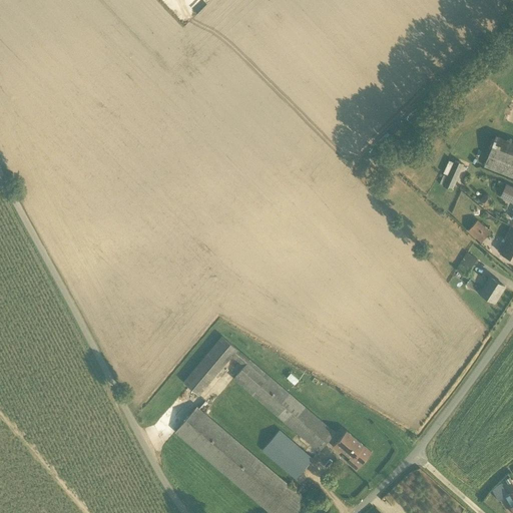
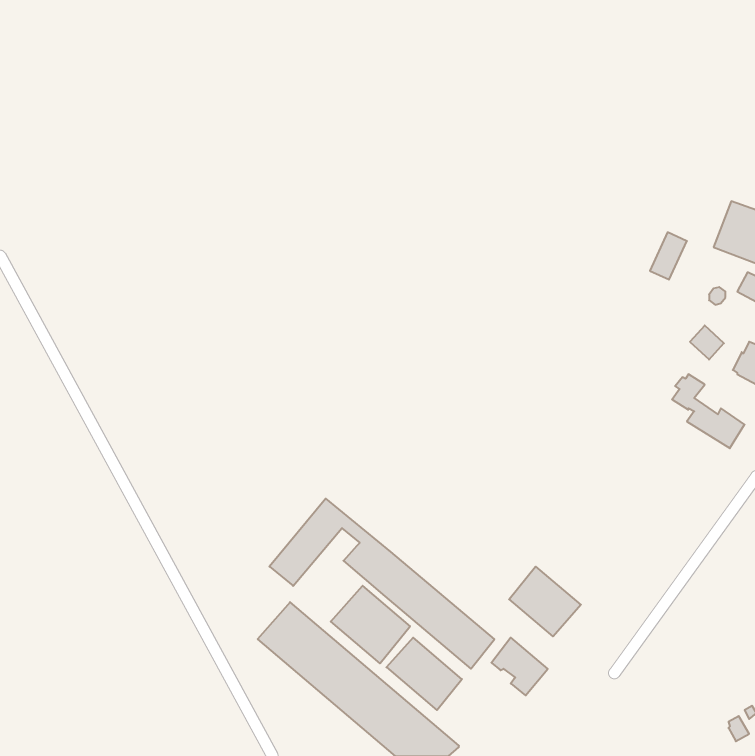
building: none -> [509,567,581,636]
building: none -> [331,586,410,663]

